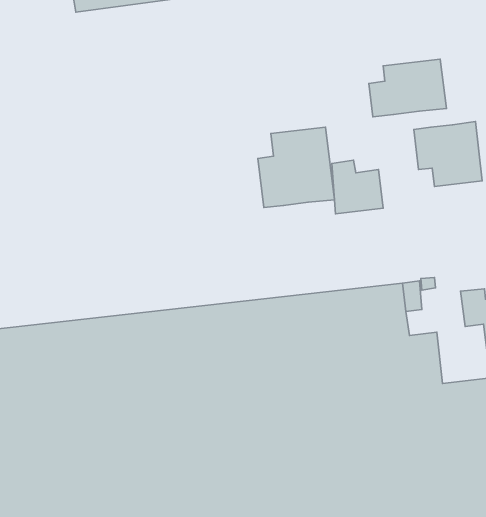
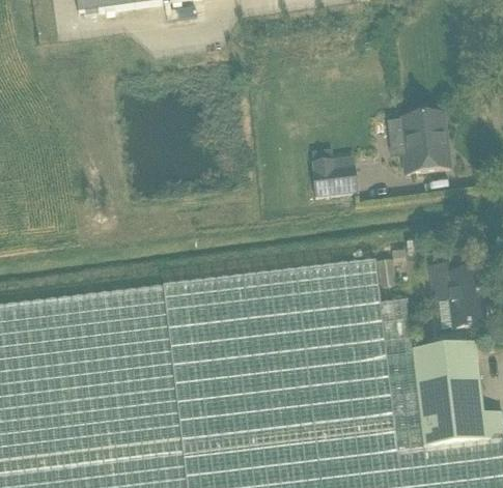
building: [369,59,446,117] -> none
building: [258,127,334,207] -> none

